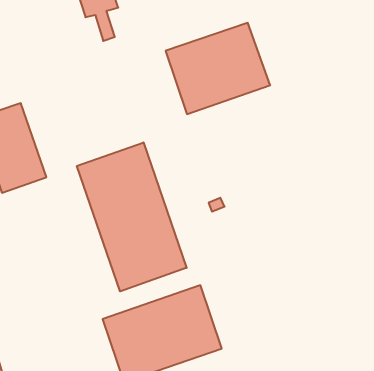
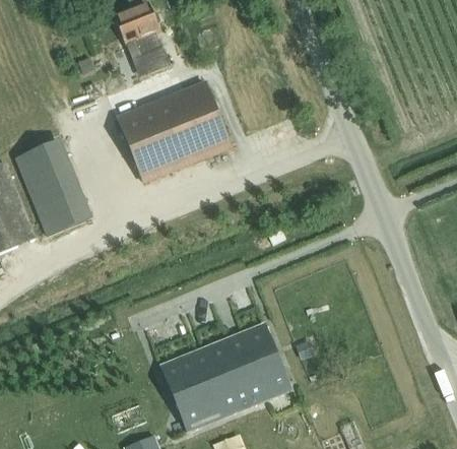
building: [166,23,270,114] -> [117,81,231,182]
building: [77,142,187,291] -> none

